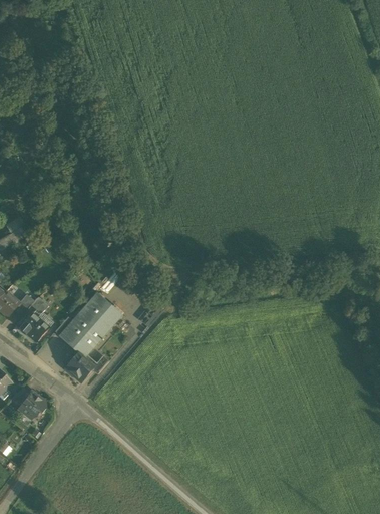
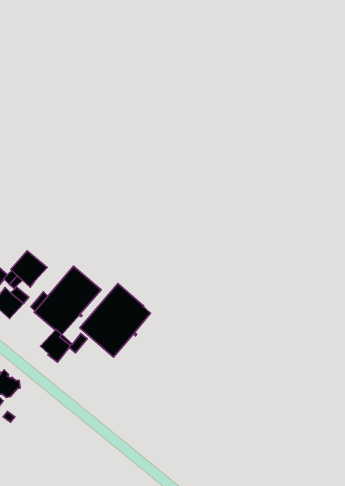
building: none -> [11,251,47,287]
building: none -> [80,284,150,357]

